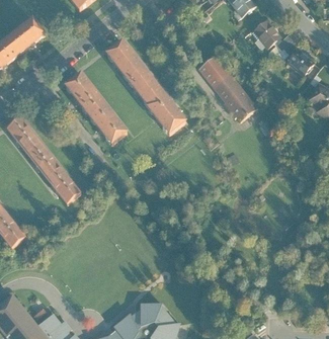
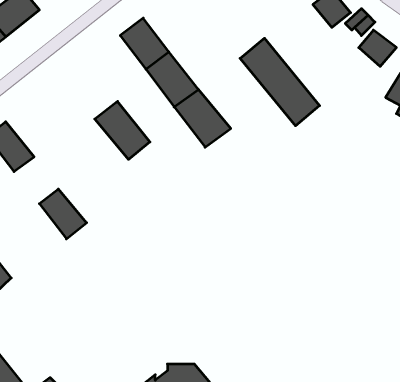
building: [65,74,105,117] -> none
building: [27,146,61,181] -> none

